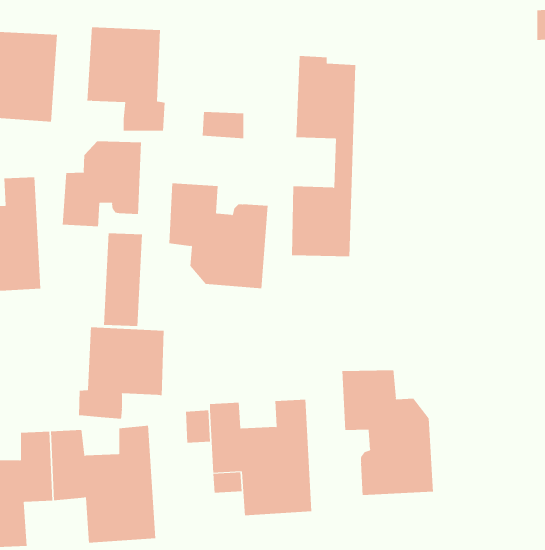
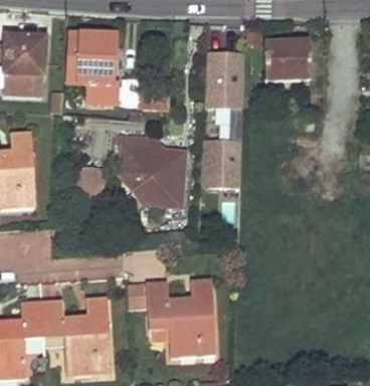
building: none -> [264,40,311,78]
building: [62,140,142,227] -> none
building: [78,327,164,419] -> none
building: [342,369,433,496] -> none

